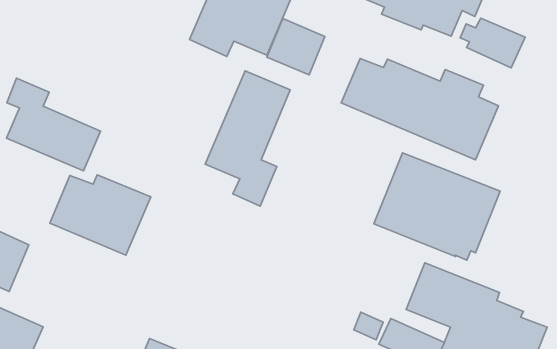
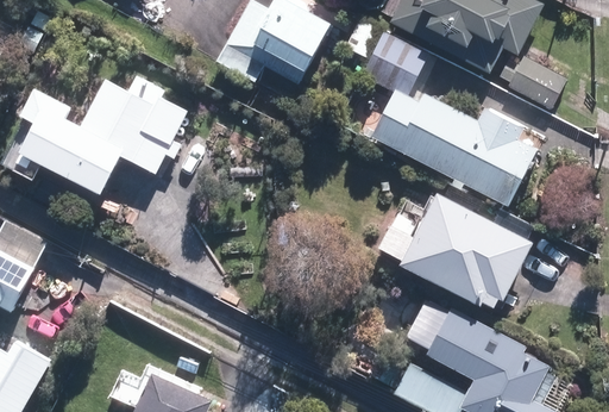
building: [267,19,325,75] -> [365,35,427,95]
building: [205,71,290,206] -> none
building: [50,175,151,255] -> [79,81,186,168]

